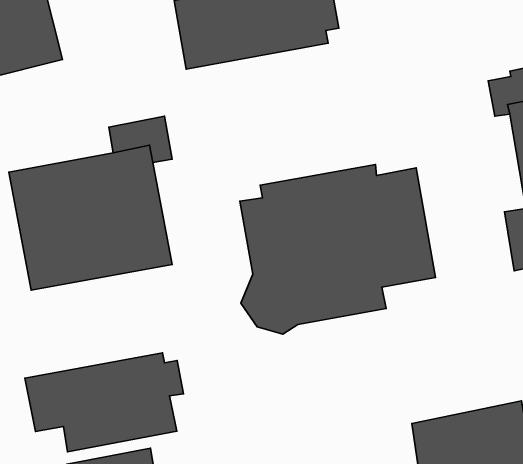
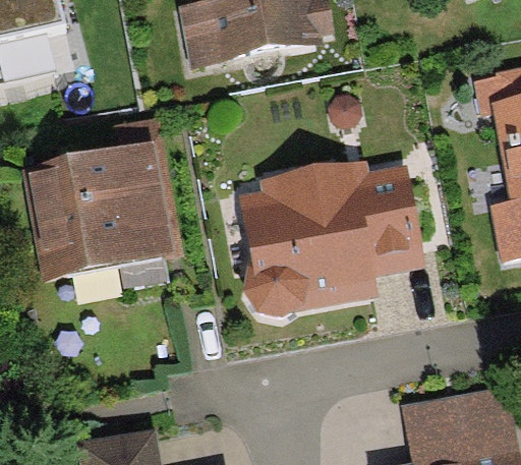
building: [25,353,183,452] -> none

